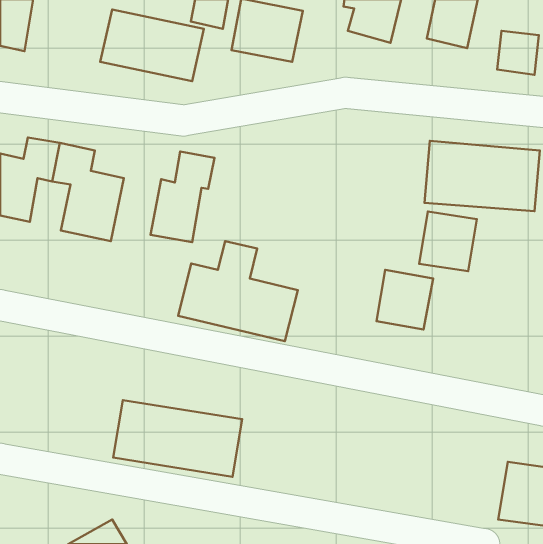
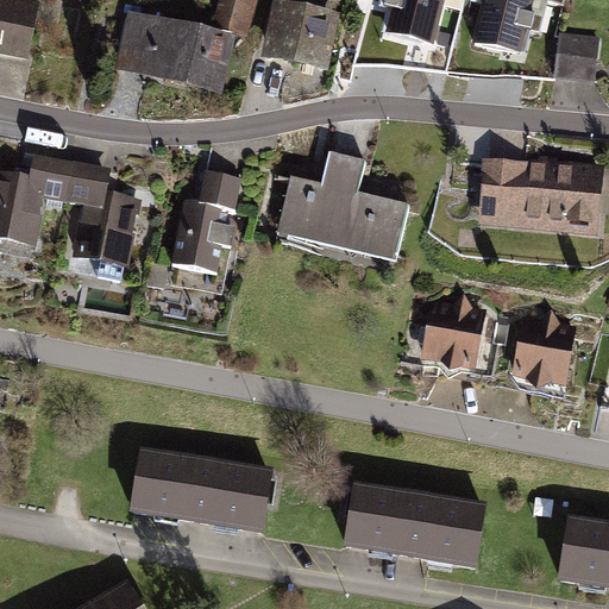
building: [419,212,477,271] -> [511,316,576,383]
building: [178,241,298,341] -> [276,150,409,262]
building: none -> [345,482,486,566]

